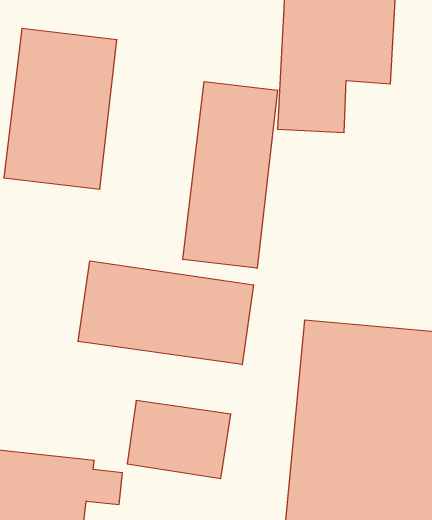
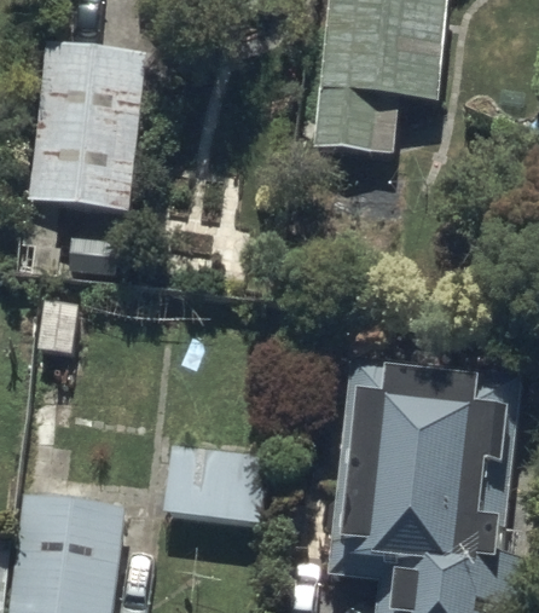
building: [183,82,278,268] -> none
building: [78,261,254,365] -> none

